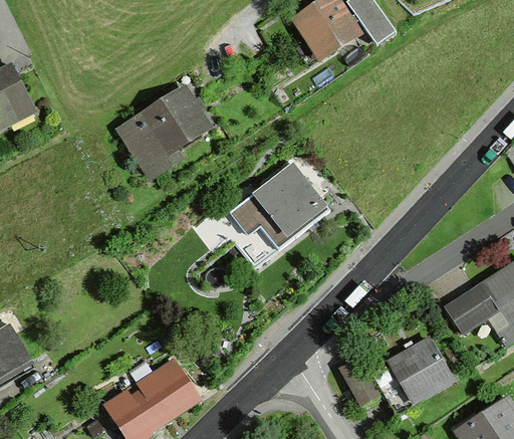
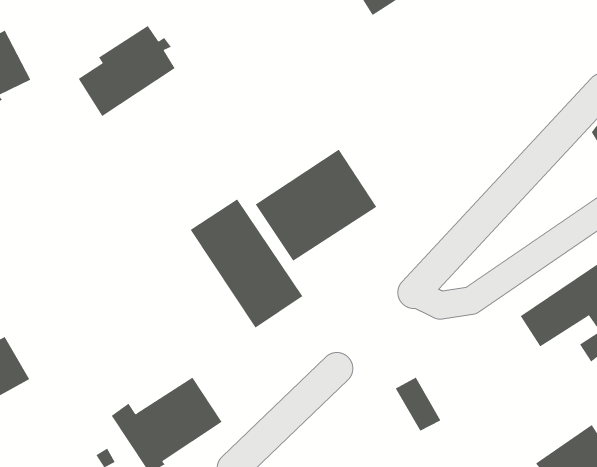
building: [124,89,207,167] -> [78,25,175,117]
building: none -> [190,199,303,329]
building: [390,340,451,400] -> none

